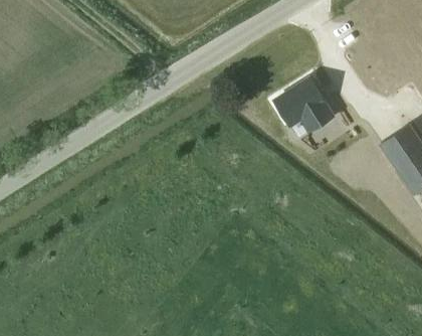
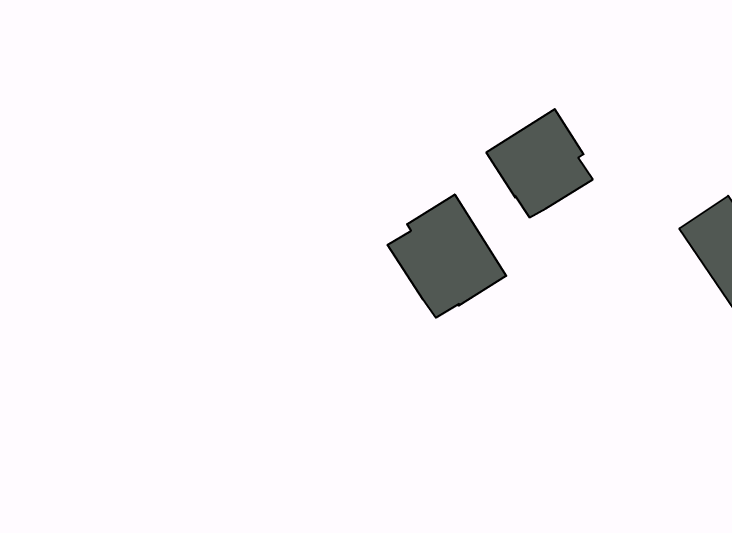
building: none -> [388,194,506,318]

